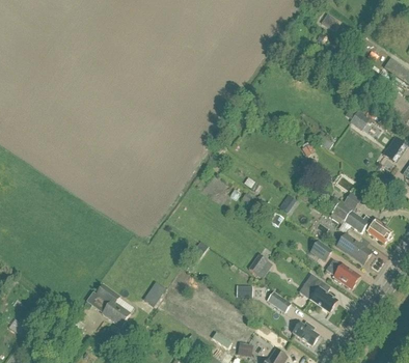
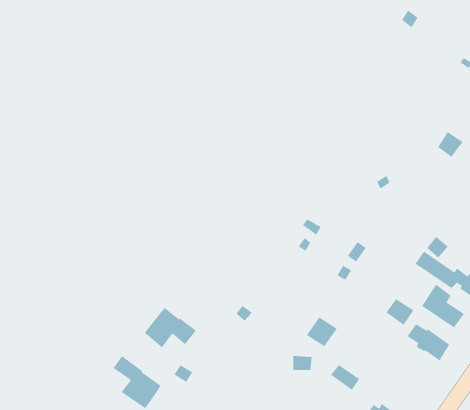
building: none -> [144,307,197,348]
building: [304,274,337,313] -> none

